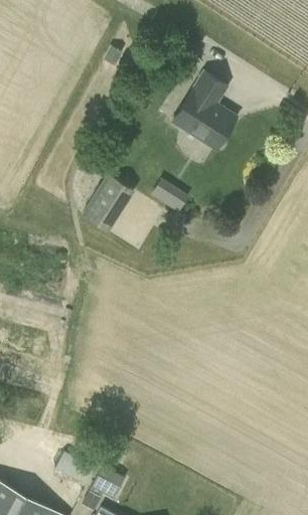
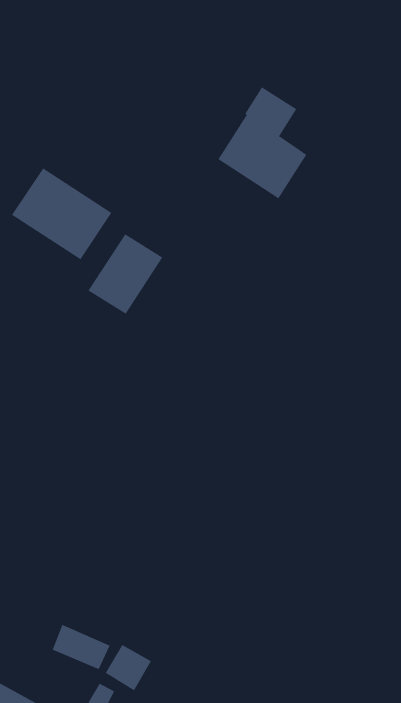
building: none -> [11,168,112,260]
building: [151,177,190,212] -> none

